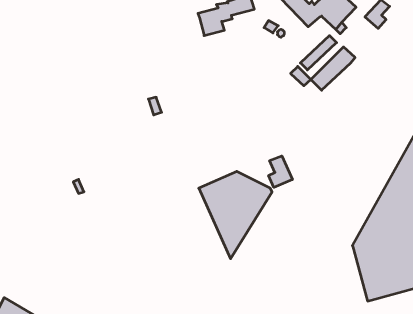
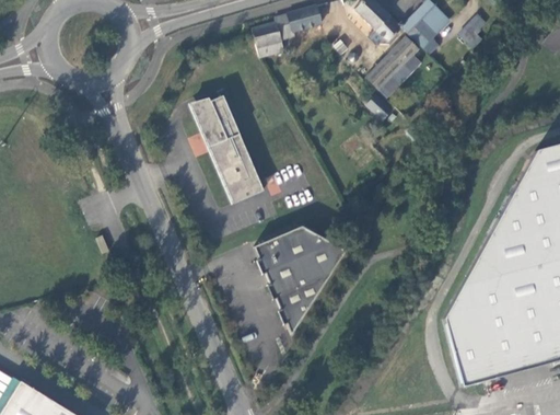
building: [311,47,355,90] -> [365,36,420,90]
building: none -> [196,94,265,200]
building: [269,156,292,187] -> none

